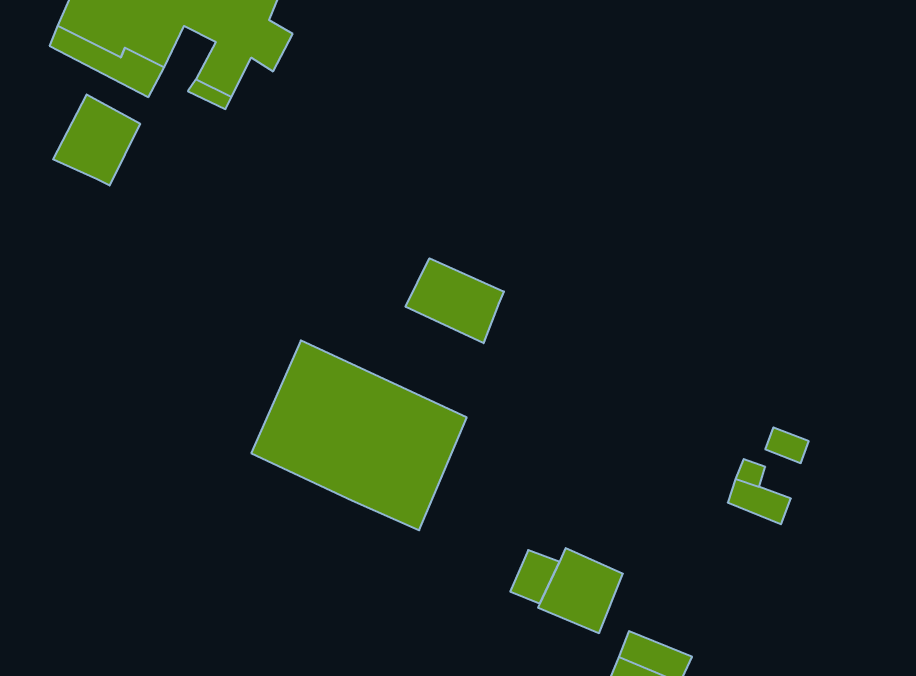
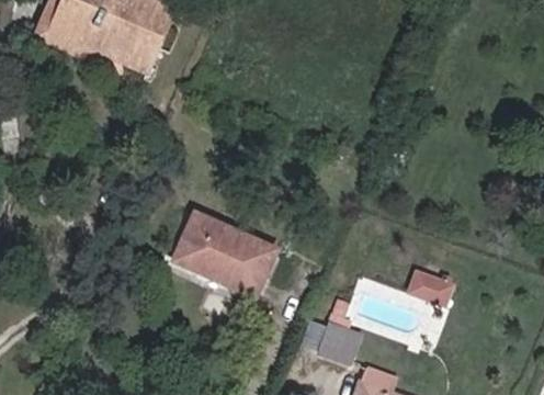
building: [53,94,140,186] -> none
building: [406,258,504,343] -> none

